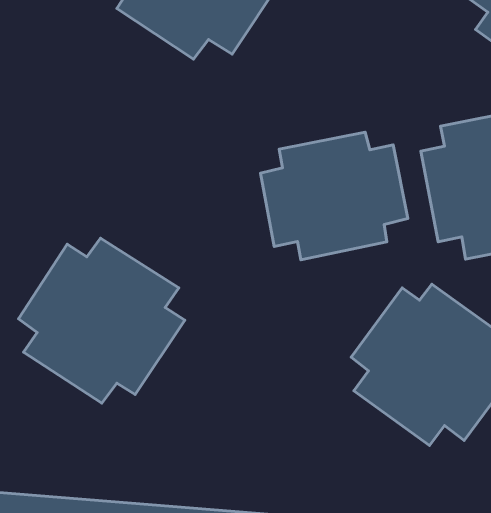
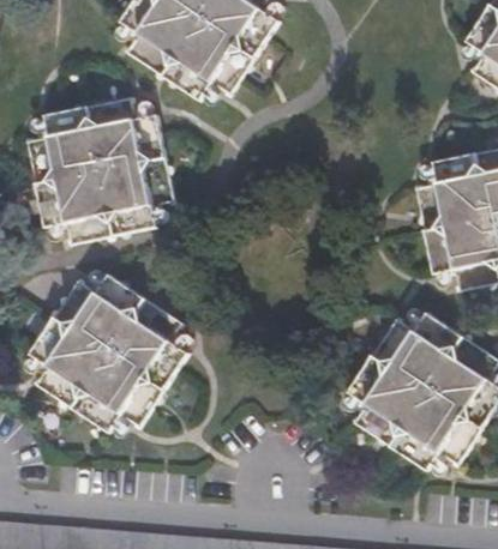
building: none -> [28,95,178,242]
building: [261,132,408,260] -> none

